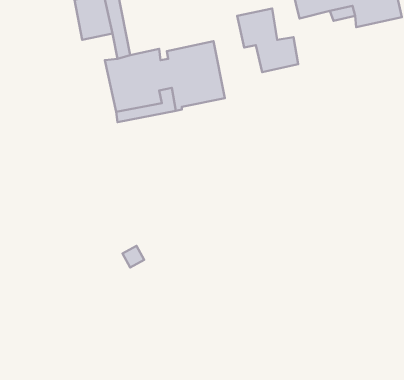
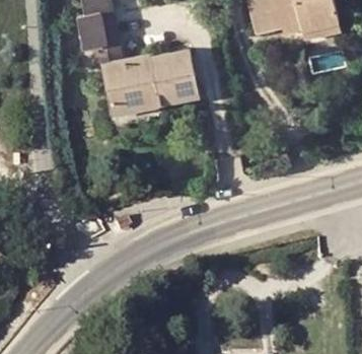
building: [237,8,298,72] -> none

